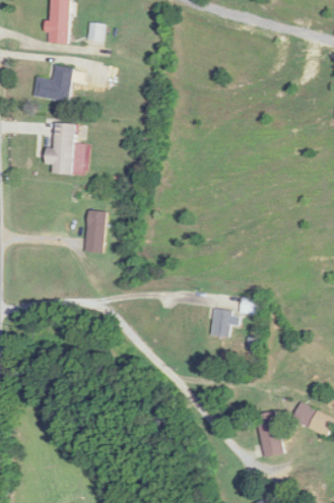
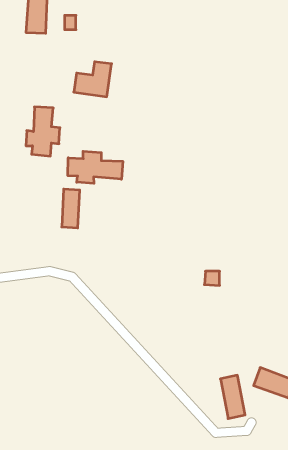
building: [34,65,74,103] -> [74,62,112,97]
building: none -> [68,151,123,183]
building: [210,308,231,336] -> none

